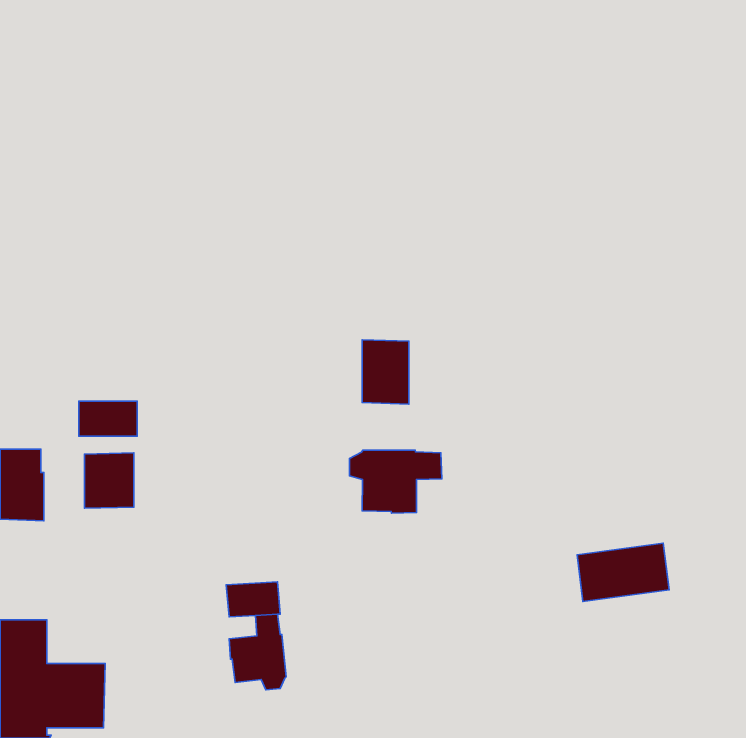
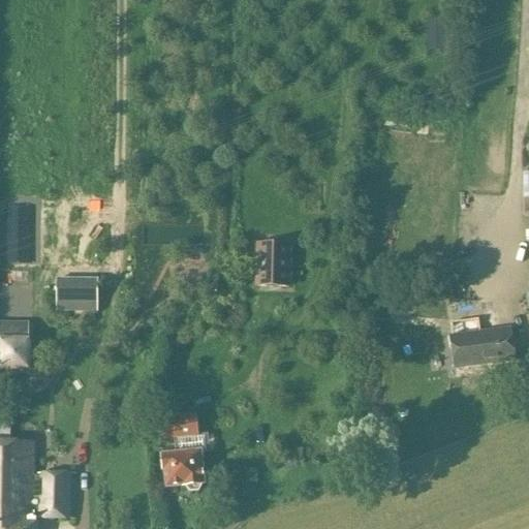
building: [349,450,442,513] -> none
building: [85,453,134,508] -> none
building: [577,543,669,601] -> [450,324,516,366]

